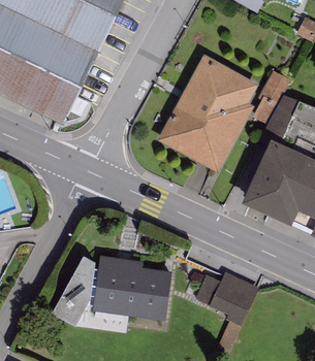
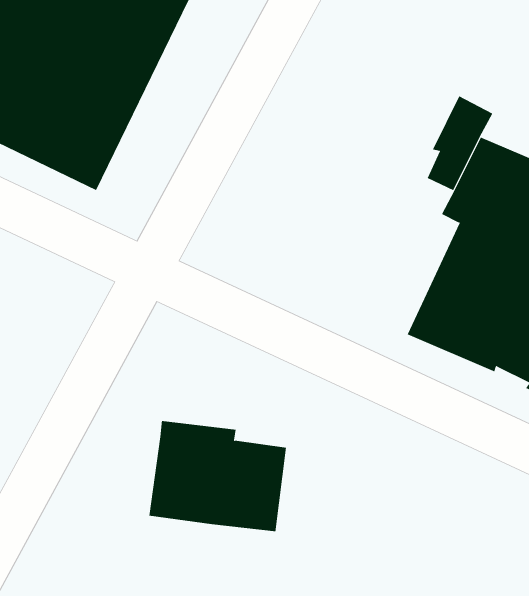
building: [157,54,257,171] -> none
building: [51,257,128,329] -> none
building: [195,270,258,325] -> none

